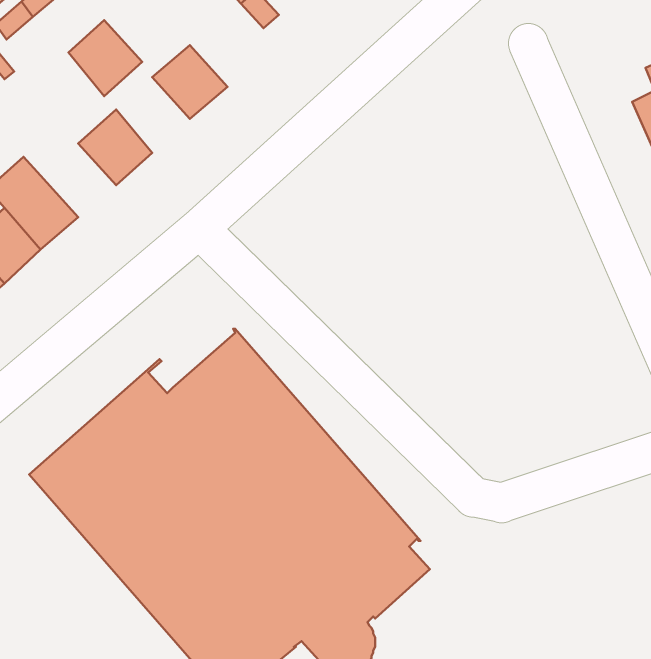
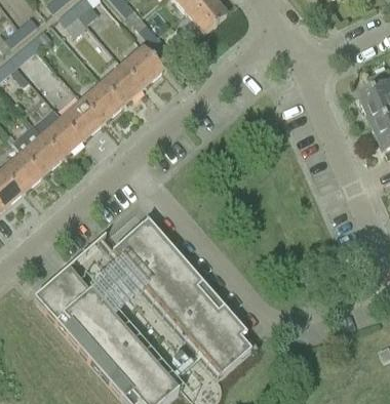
building: none -> [121,44,162,86]
building: [68,20,142,96] -> [81,81,121,122]
building: none -> [40,117,81,157]

